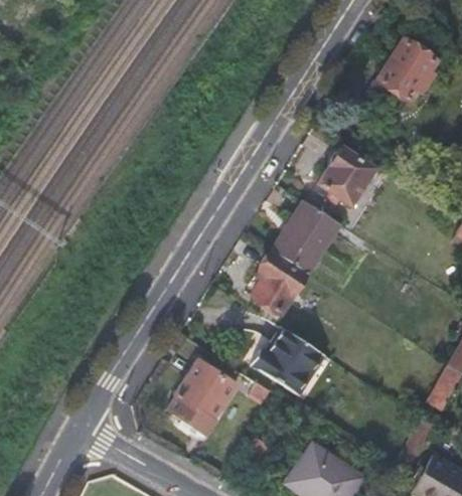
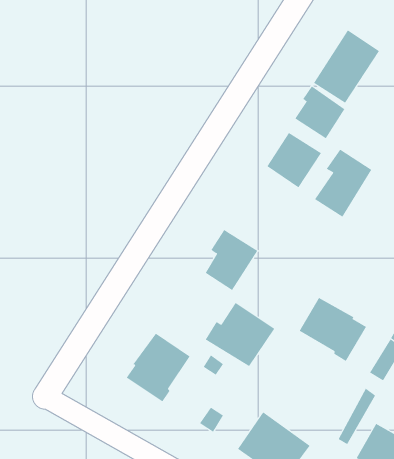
building: none -> [295,85,345,139]
building: [278,200,339,273] -> [314,149,372,217]
building: none -> [299,297,367,362]

